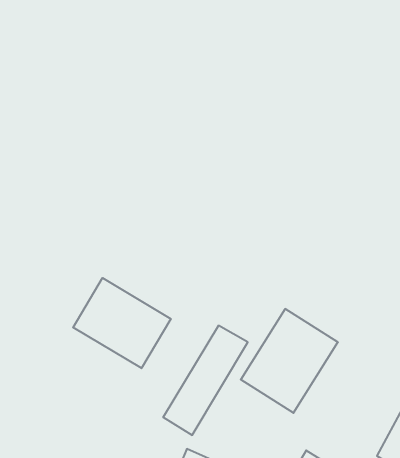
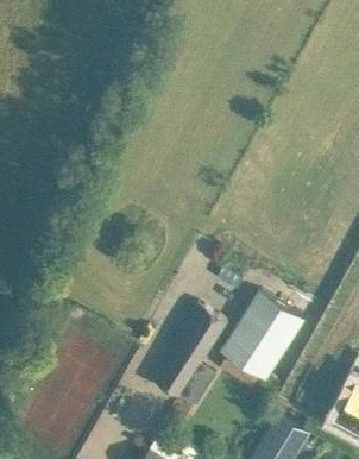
building: [73,278,171,368] -> none

